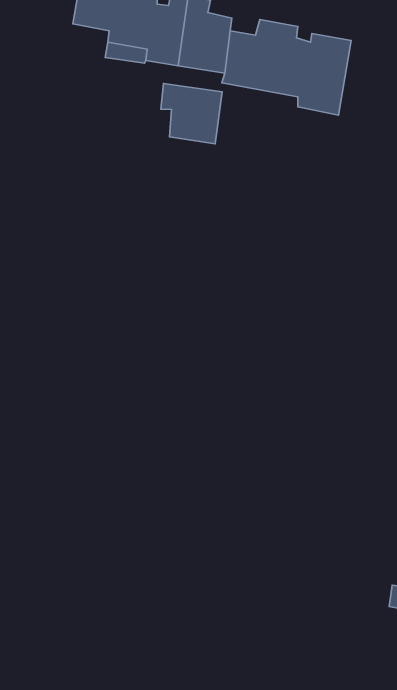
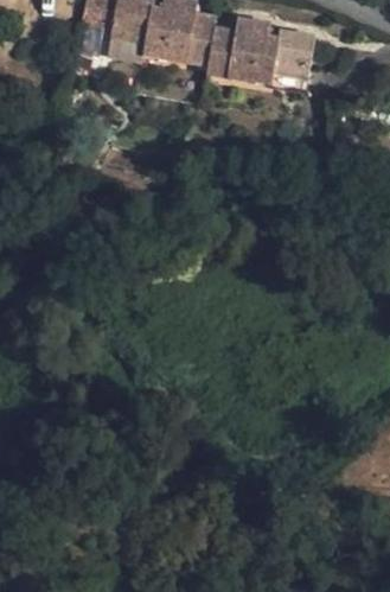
building: [161,84,222,144] -> none

